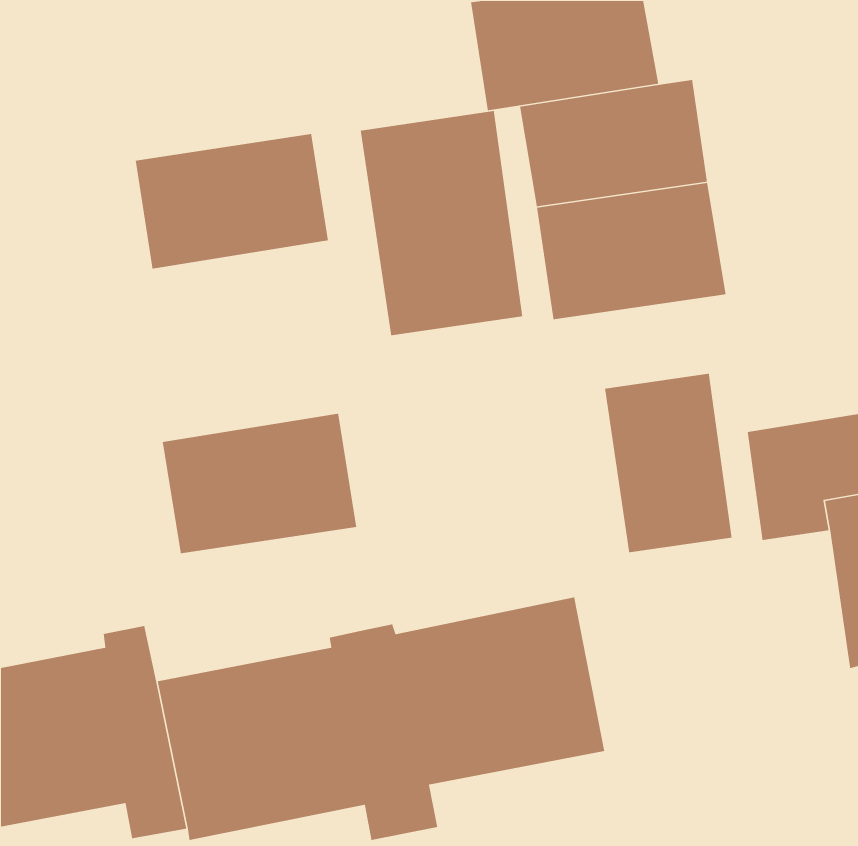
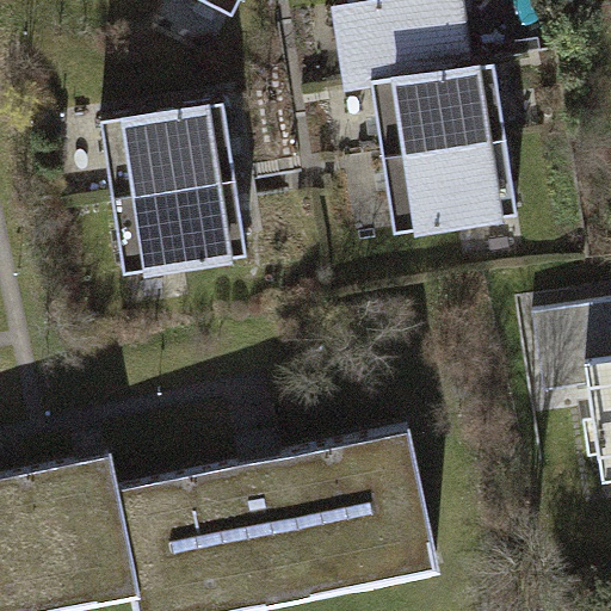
building: [360,110,523,336] -> none
building: [604,373,732,553] -> none
building: [162,413,357,554] -> [110,181,248,282]

